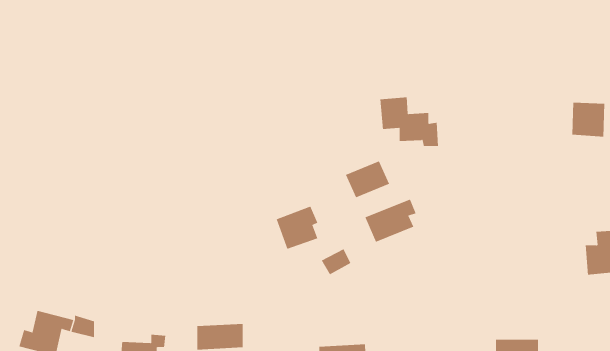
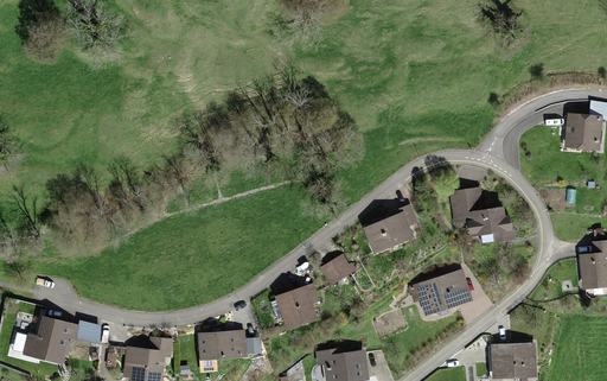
building: [380,97,439,146] -> [453,190,511,239]
building: [345,161,390,198] -> none
building: [276,206,318,249] -> [276,284,318,326]
building: none -> [407,272,469,315]

